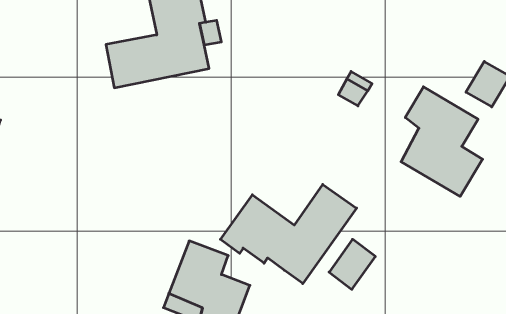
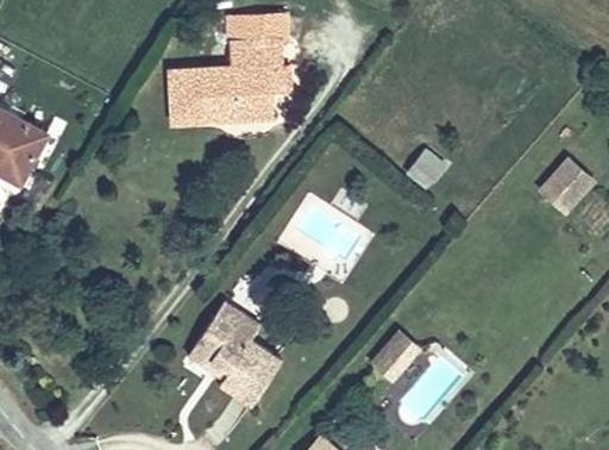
building: [401,87,483,196] -> none
building: [220,184,357,284] -> none

